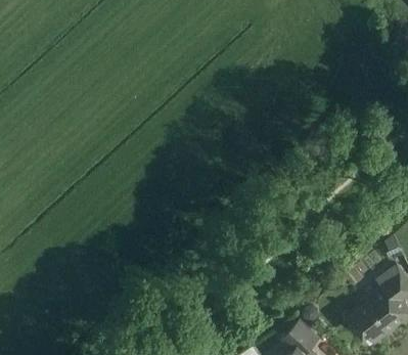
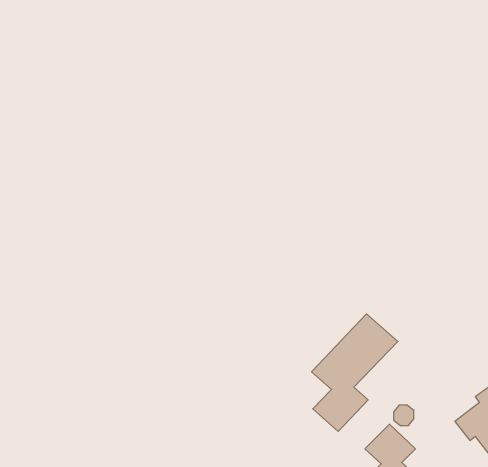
building: none -> [312,314,398,431]

